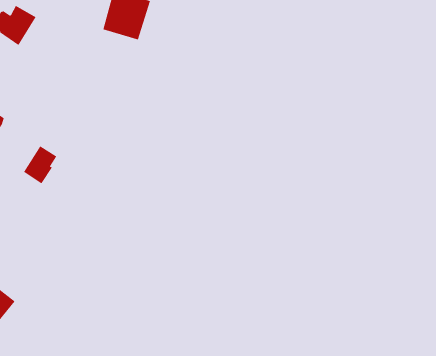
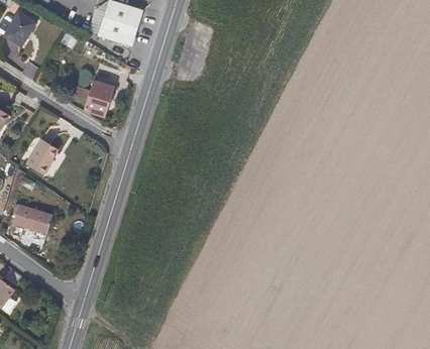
building: none -> [85,78,114,116]
building: none -> [11,205,41,234]

